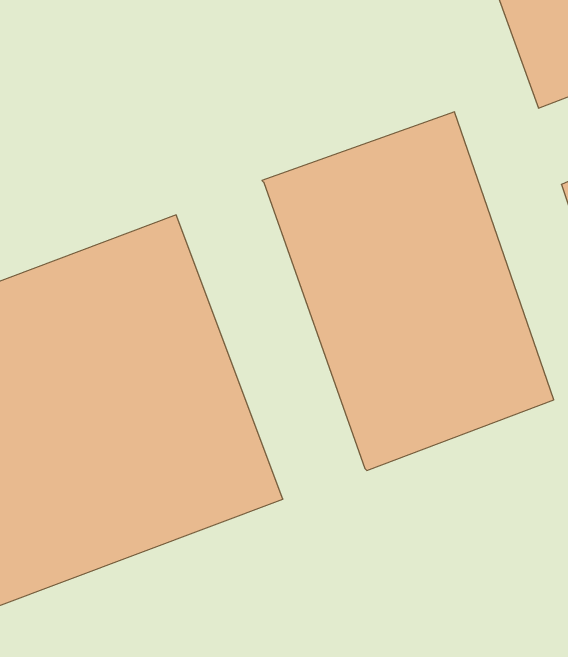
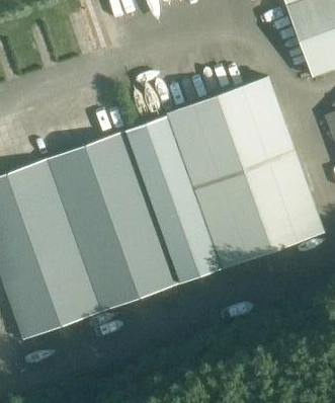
building: none -> [125,114,222,281]

